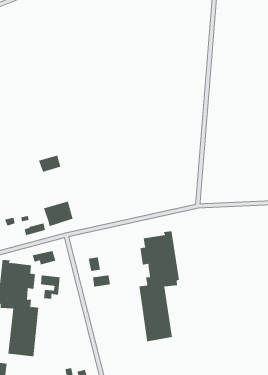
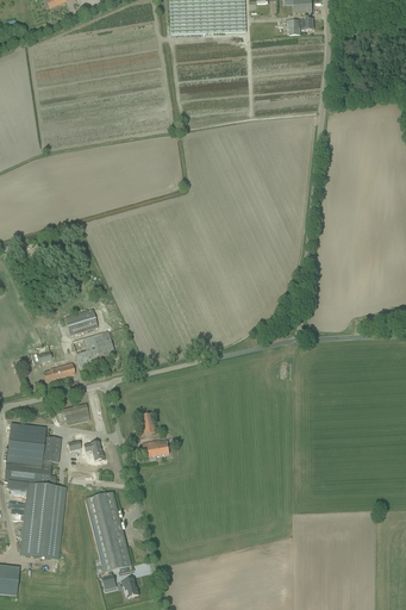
building: [38,155,61,173] -> [64,307,98,334]
building: [139,230,180,342] -> none
building: none -> [86,491,132,572]

